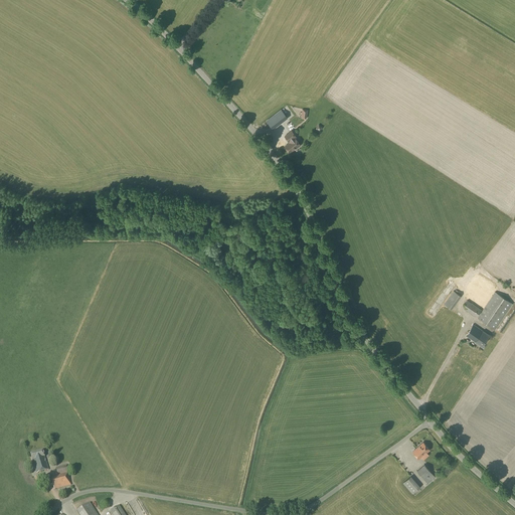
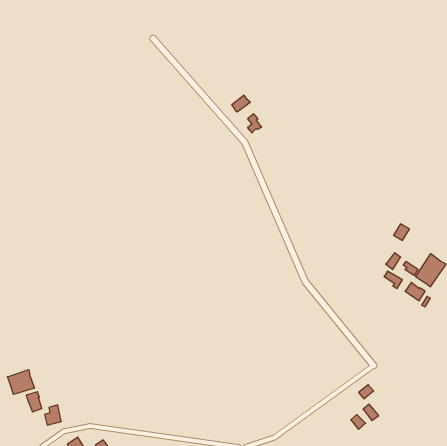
building: none -> [7,370,35,394]

